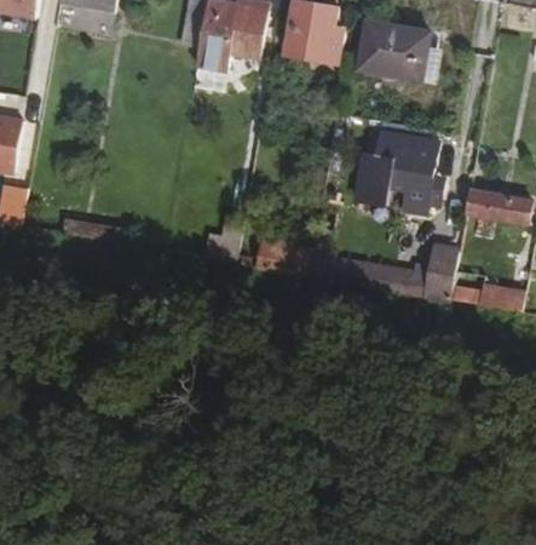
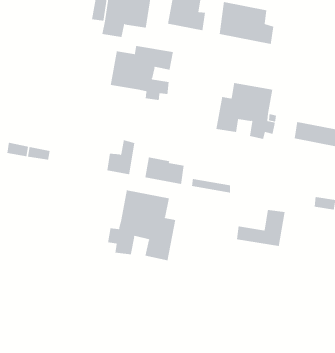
building: none -> [110,45,174,101]
building: [388,248,457,300] -> [236,209,285,246]
building: none -> [108,189,176,261]

